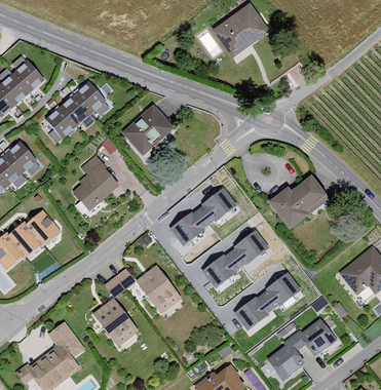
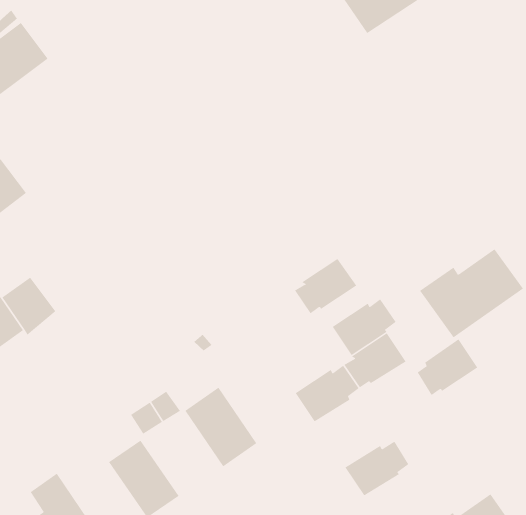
building: [44,81,106,140] -> none
building: [122,106,175,157] -> none
building: [73,155,118,208] -> none
building: [169,208,207,243] -> [332,298,397,356]
building: [262,272,298,307] -> [417,339,478,396]

